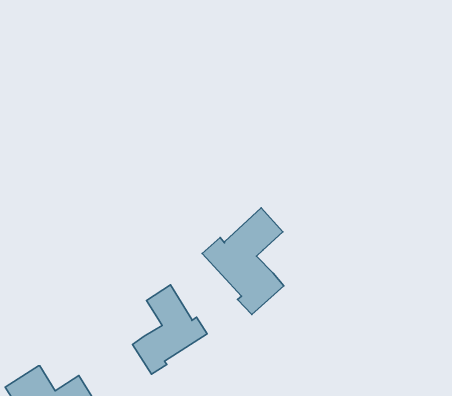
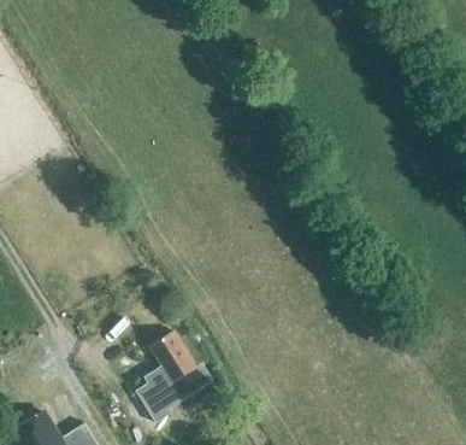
building: [202,208,284,314] -> none

